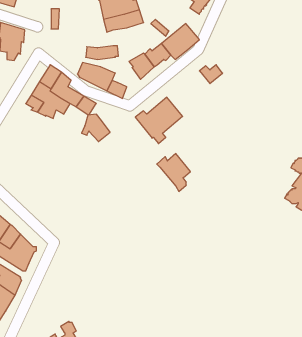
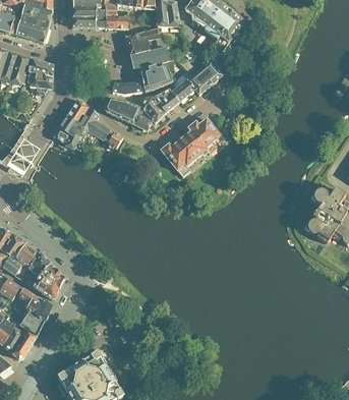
building: none -> [138,63,172,91]
building: [82,114,110,142] -> [137,96,165,122]
building: [157,154,190,191] -> [187,117,220,154]

